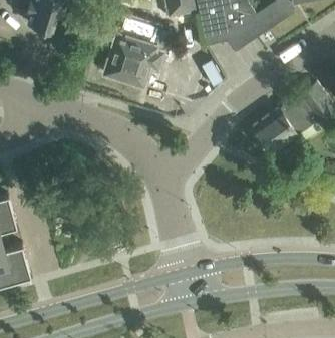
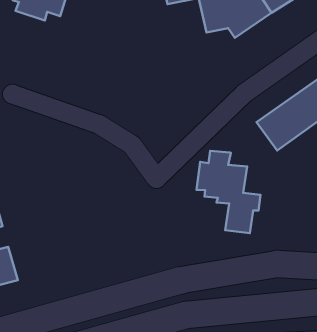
building: [103,27,172,83] -> none
building: none -> [197,151,261,233]

